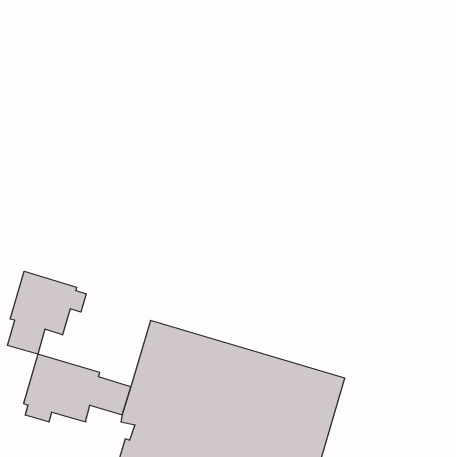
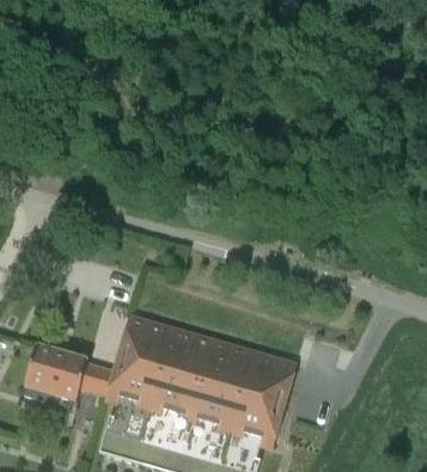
building: [8,271,86,354] -> none

